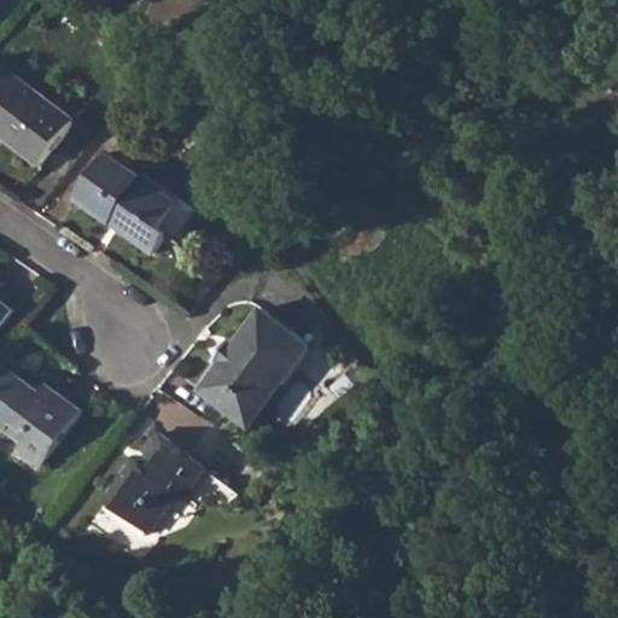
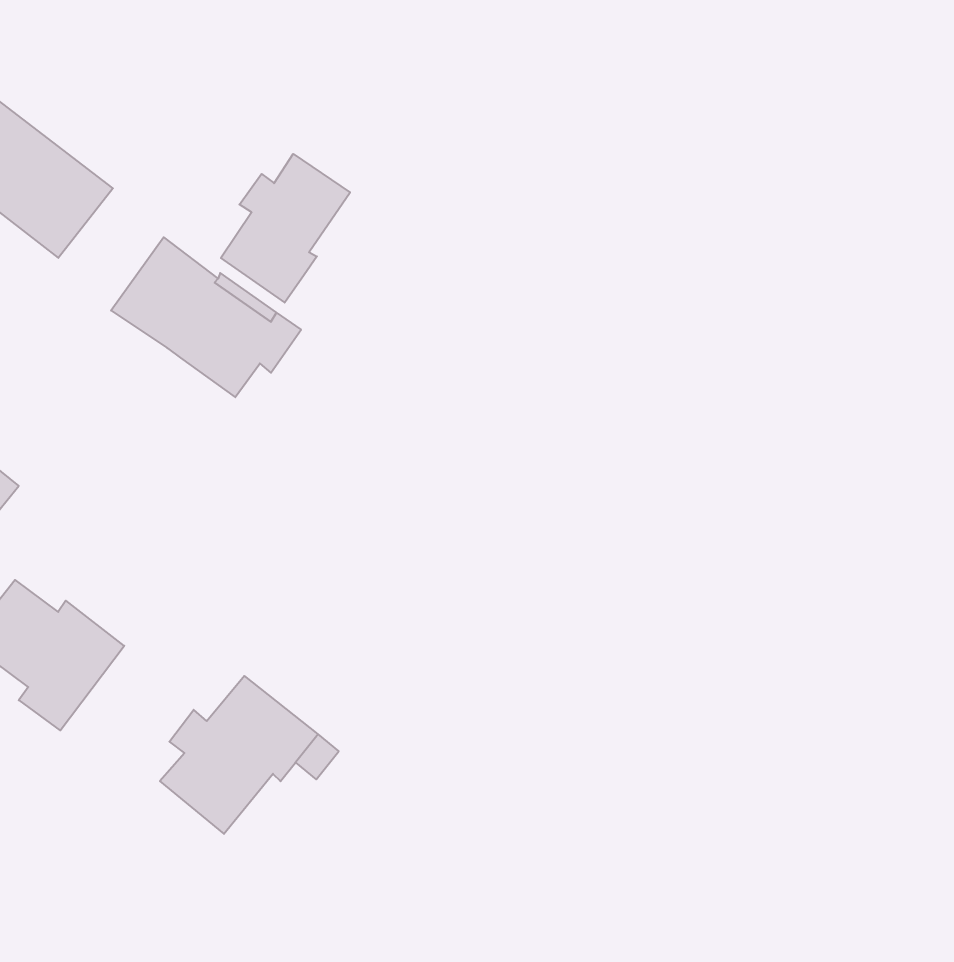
building: none -> [221,154,350,303]
building: [196,309,307,426] -> none

